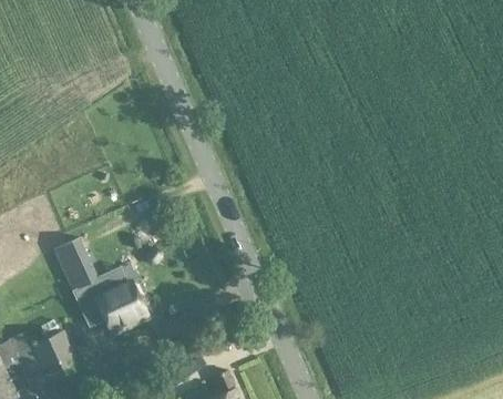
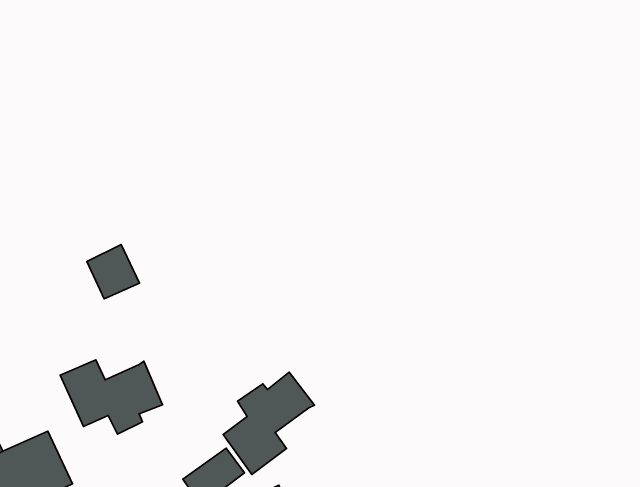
building: [60,249,97,288] -> [87,244,140,299]
building: none -> [223,372,314,474]

